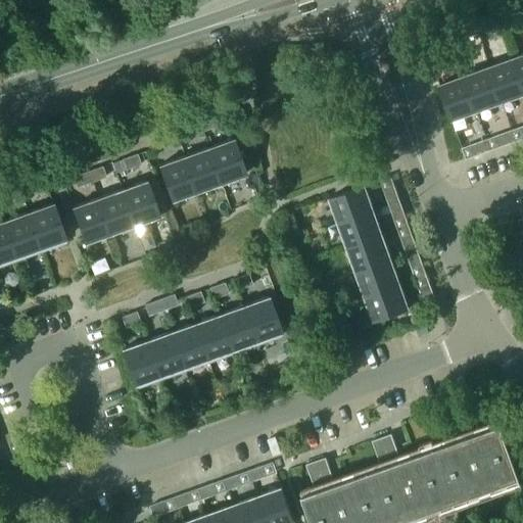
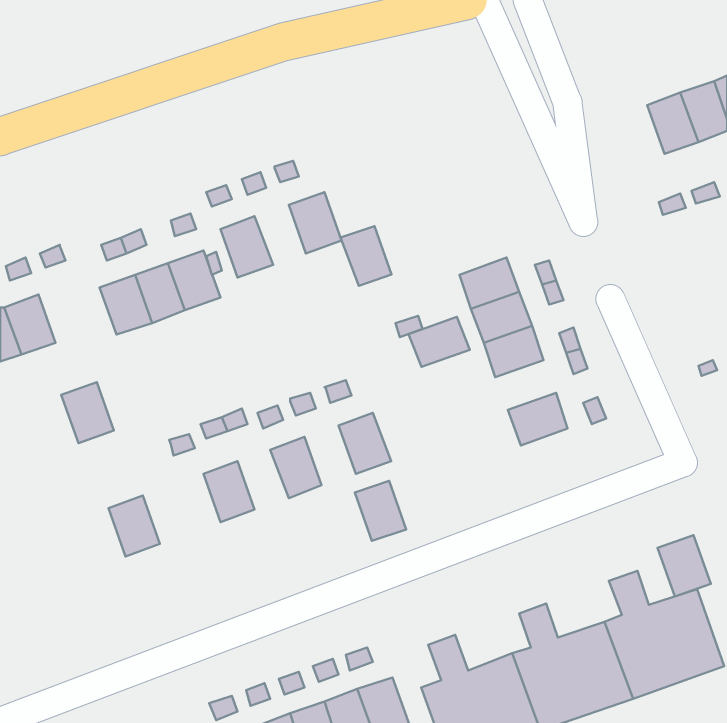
building: [439,79,477,123] -> none
building: [183,150,220,193] -> [340,226,392,286]
building: [28,205,65,249] -> [61,382,114,443]
building: [355,262,399,297] -> [409,317,470,367]
building: [219,308,255,351] -> [355,481,406,541]
building: [171,326,207,369] -> none
building: [122,343,158,387] -> [109,495,160,557]
building: none -> [658,535,711,596]

